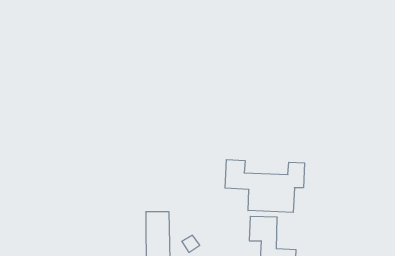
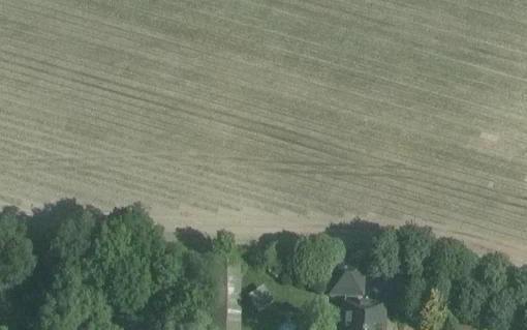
building: [225,160,305,212] -> none

